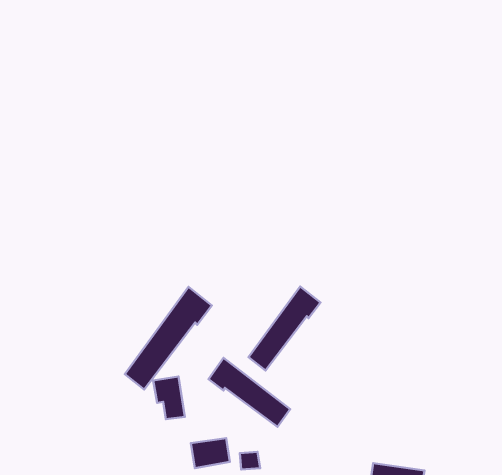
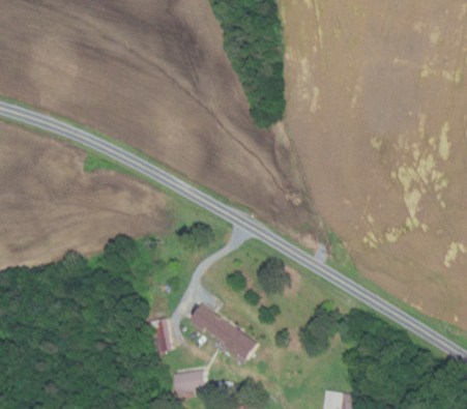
building: [249,287,320,370] -> none
building: [125,287,212,389] -> none

